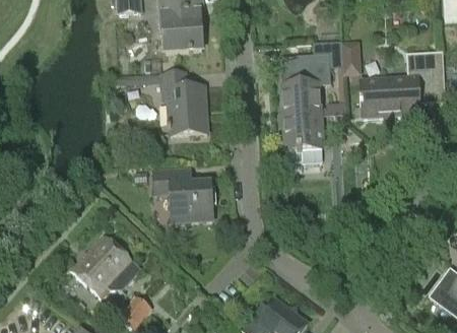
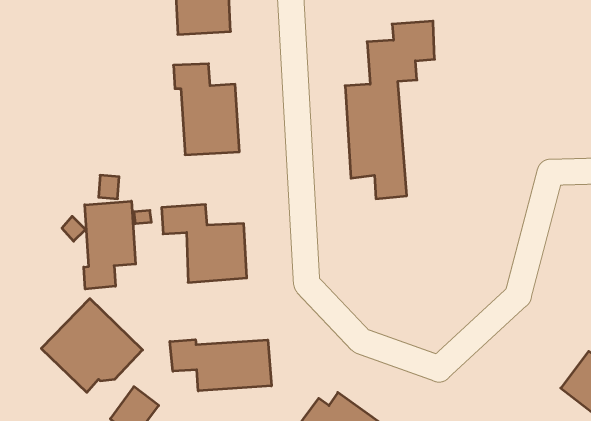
building: [341,41,361,74] -> none
building: [361,50,445,116] -> none
building: none -> [84,201,136,289]
building: none -> [170,340,271,391]

